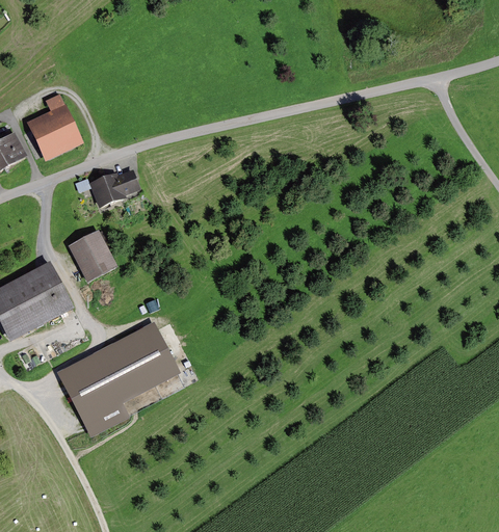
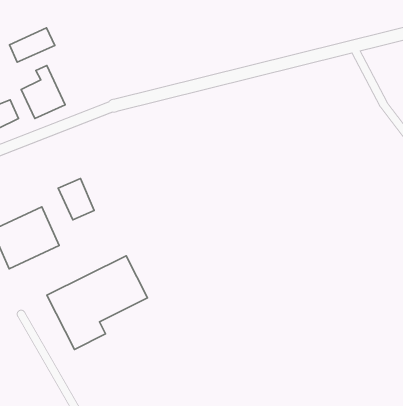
building: none -> [9,28,55,62]
building: [88,165,139,204] -> none

